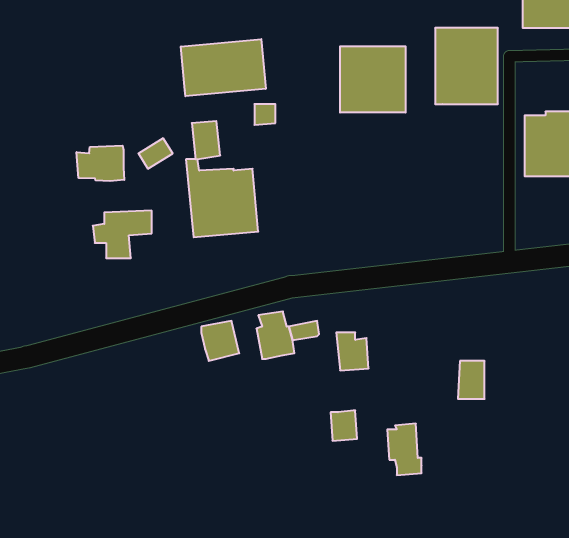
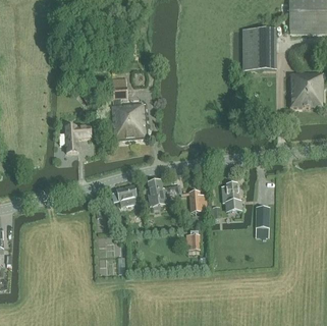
building: [181,39,266,96] -> none
building: [340,46,406,113] -> none
building: [77,146,124,181] -> none
building: [387,424,422,475] -> [222,183,240,211]

